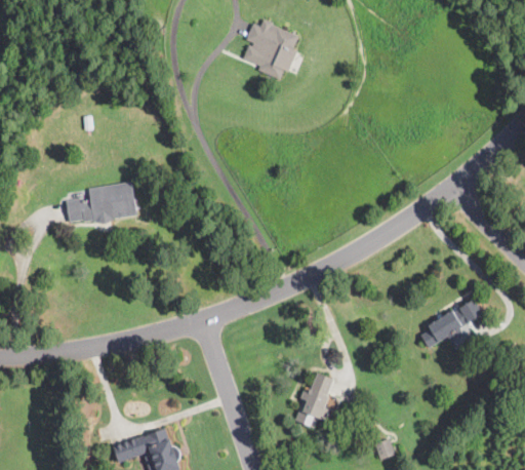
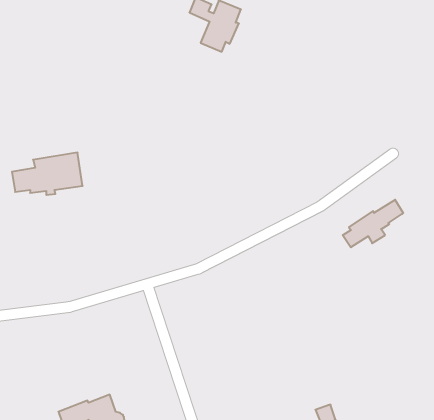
building: [420,299,482,347] -> [343,200,403,247]
building: [295,373,333,427] -> none

